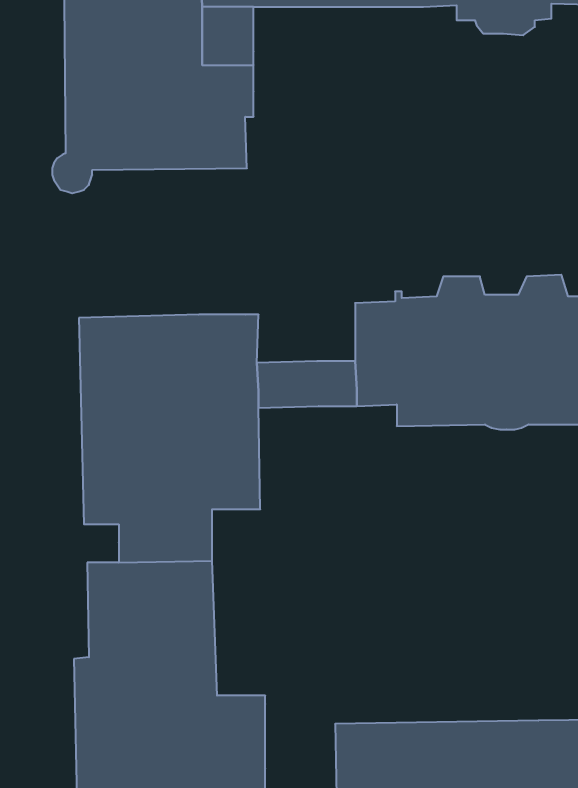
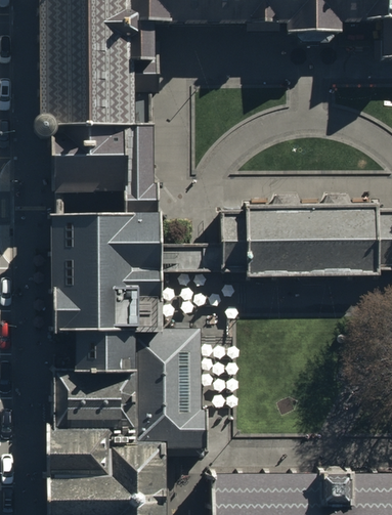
building: none -> [54,124,162,214]
building: none -> [133,333,208,454]

